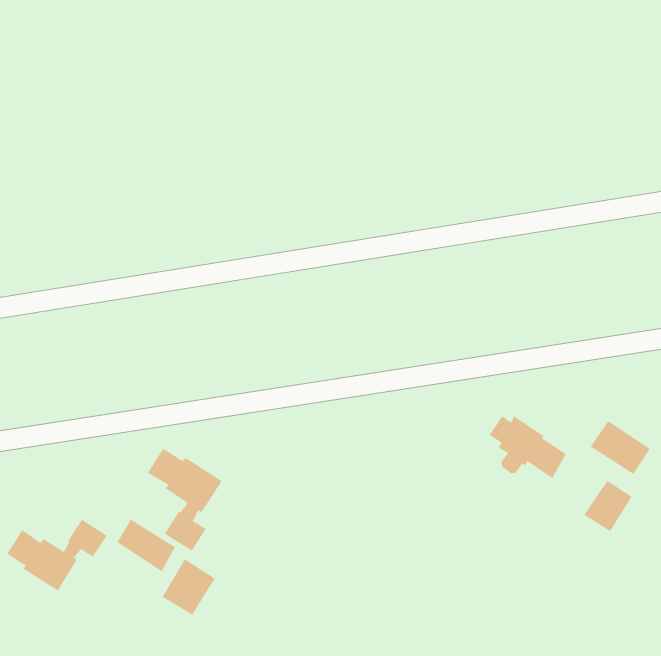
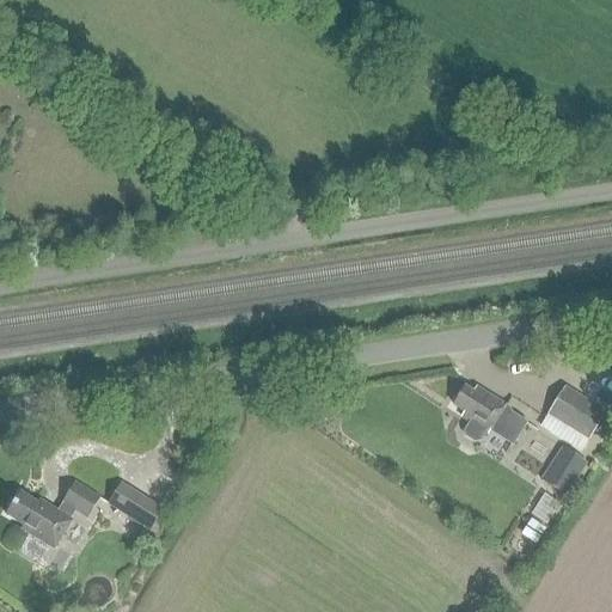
building: [147,448,222,551] -> none
building: [162,558,216,615] -> none

